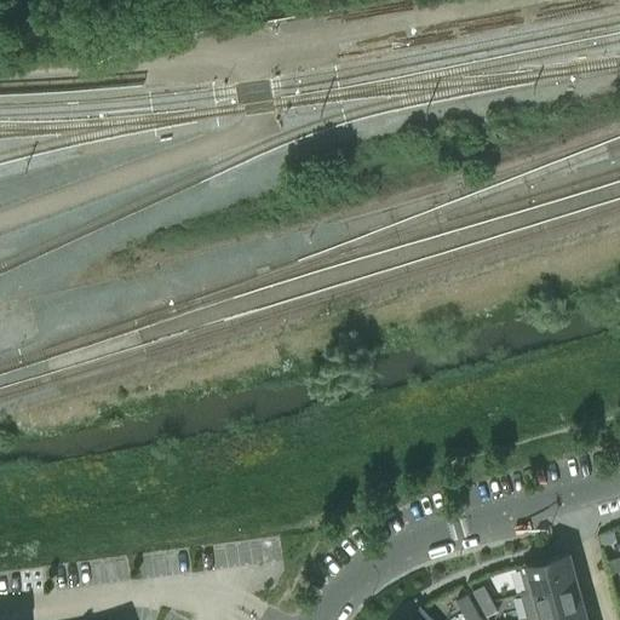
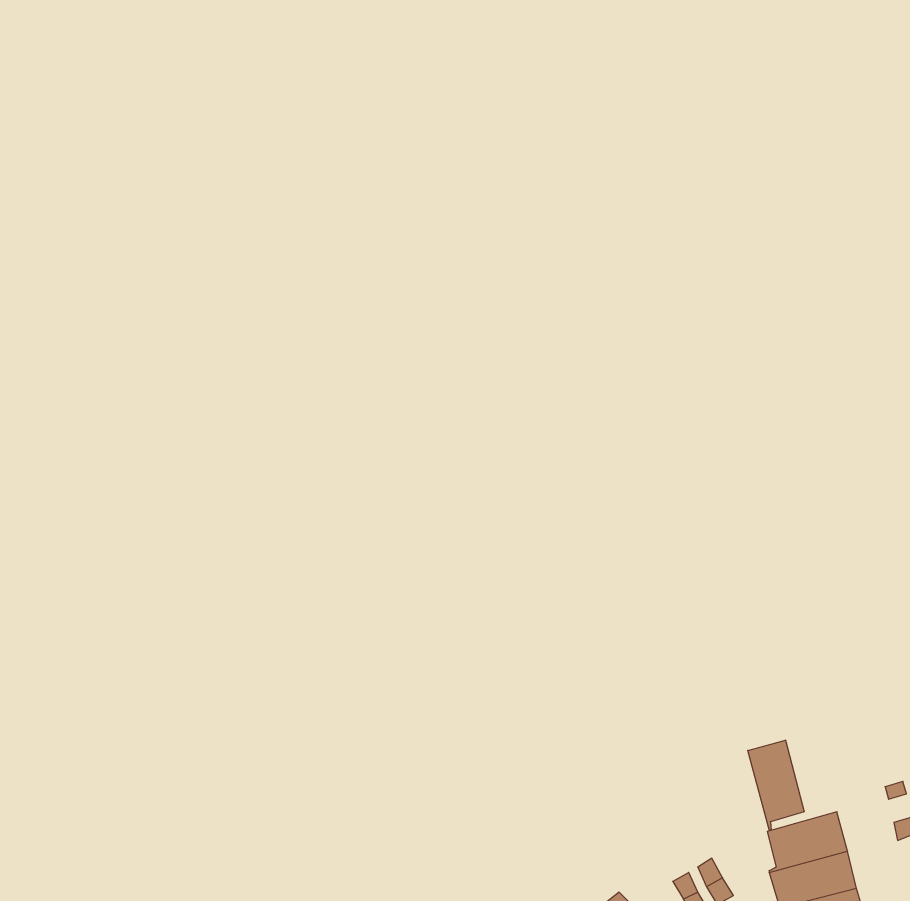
building: none -> [748,740,804,831]

